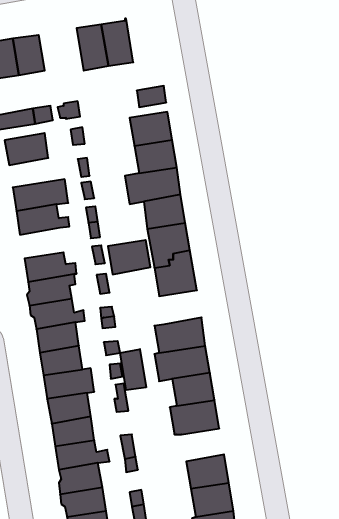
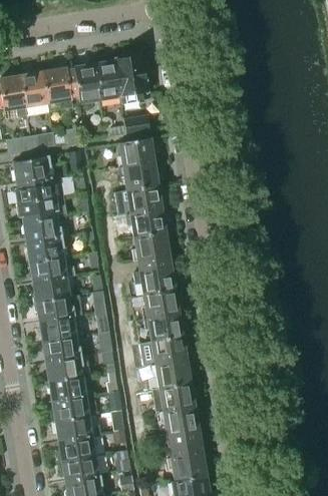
building: none -> [115,54,148,100]
building: none -> [41,66,79,110]
building: none -> [16,174,63,201]
building: none -> [25,235,62,262]
building: [108,240,150,274] -> [143,289,180,318]
building: [120,349,146,390] -> none
building: none -> [162,406,199,434]

